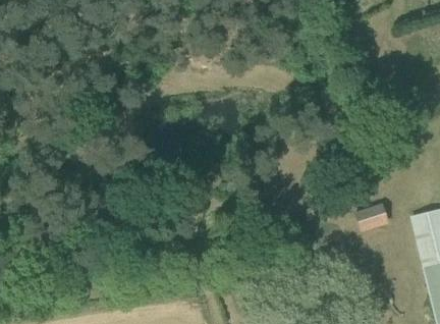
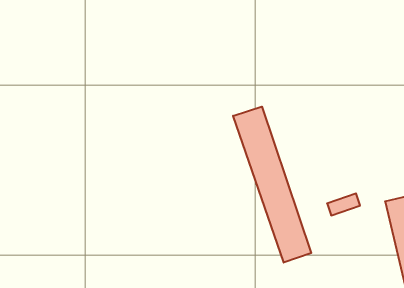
building: none -> [233,107,311,263]

